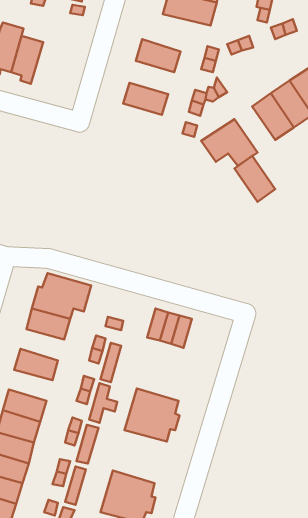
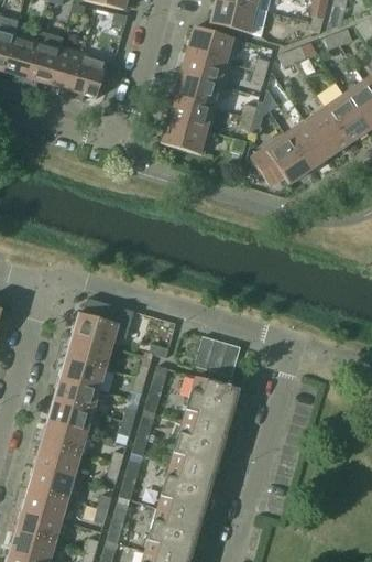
building: none -> [187,26,236,63]
building: none -> [69,53,107,101]
building: none -> [174,73,221,108]
building: none -> [160,118,208,154]
building: [235,156,275,202] -> [285,121,328,170]
building: none -> [58,357,105,390]
building: none -> [182,376,239,433]
building: none -> [46,400,92,433]
building: none -> [156,464,215,520]

